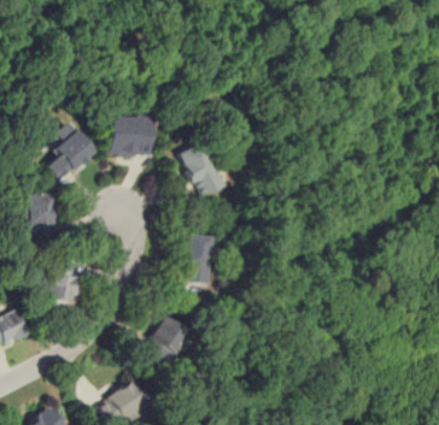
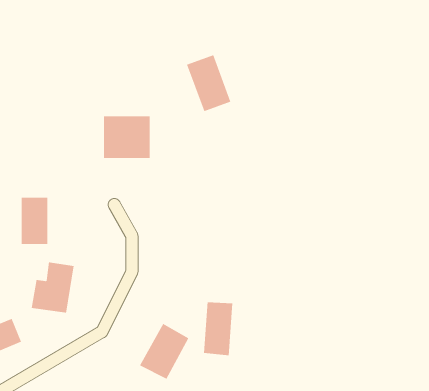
building: [43,122,95,182] -> none
building: [181,141,224,196] -> [186,54,231,112]
building: [185,232,213,284] -> [203,302,233,356]

